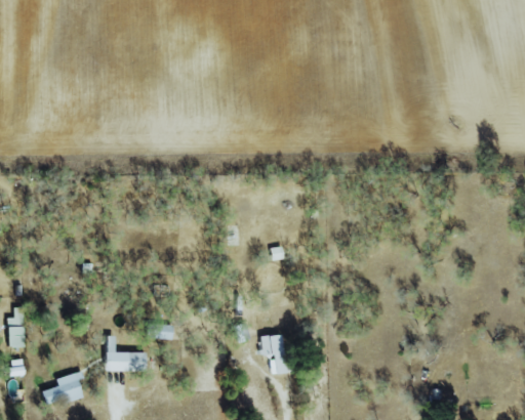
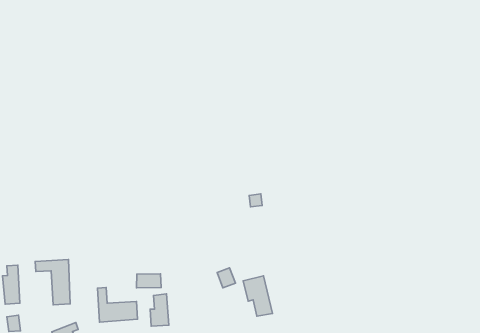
building: none -> [35,259,70,305]
building: none -> [150,294,169,326]

